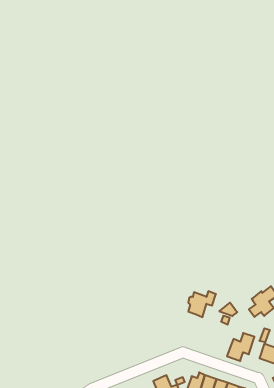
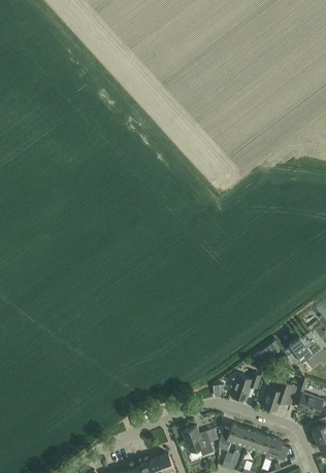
building: [188,291,216,317] -> [230,372,260,400]

